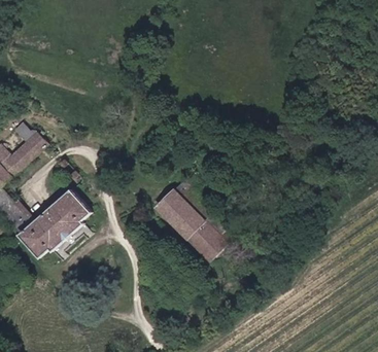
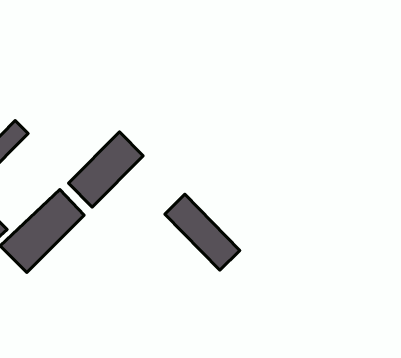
building: none -> [68,132,143,207]

